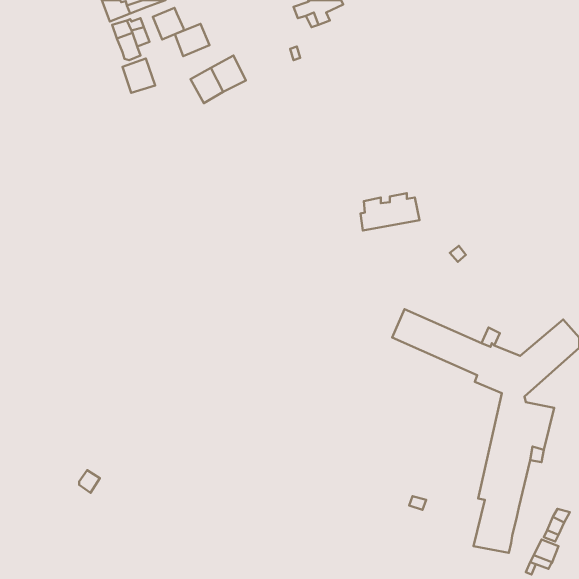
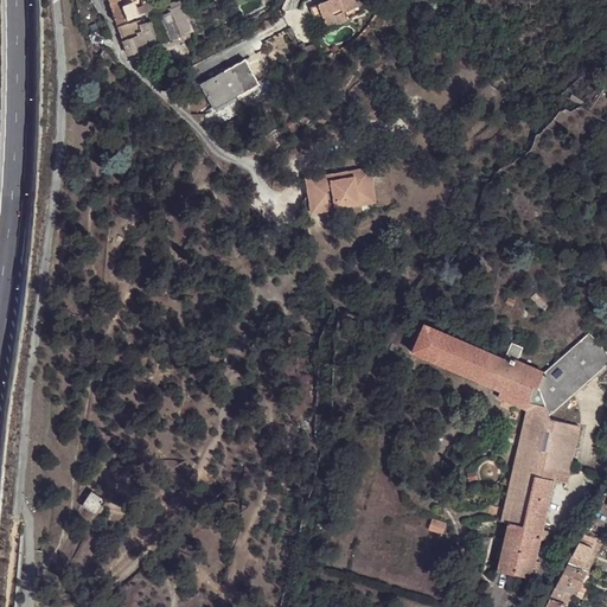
building: [175,24,209,56] -> none
building: [122,59,155,93] -> none
building: [360,193,419,230] -> [314,175,376,215]

